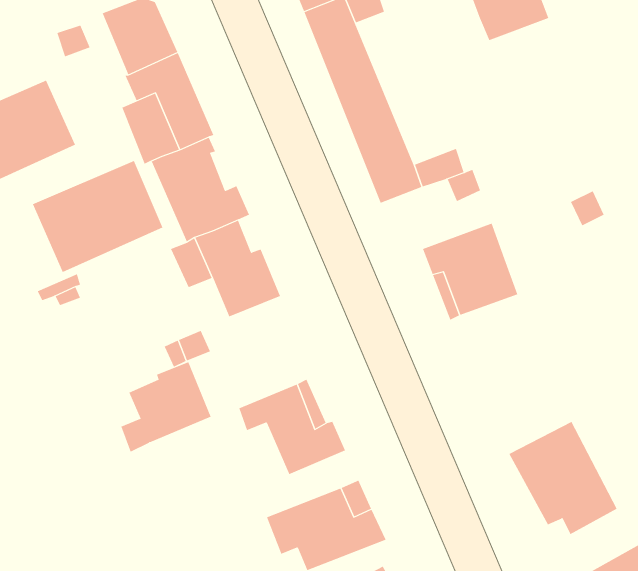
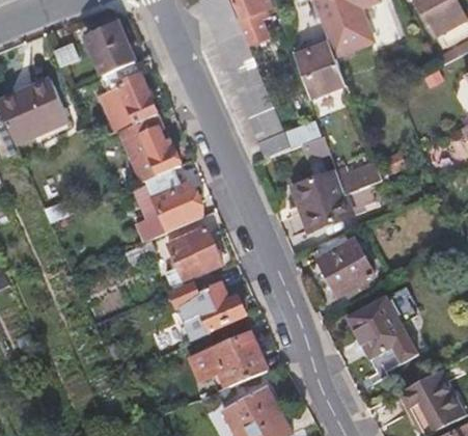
building: none -> [292,39,345,98]
building: [32,160,163,273] -> none
building: none -> [334,161,381,193]
building: none -> [314,235,376,297]
building: [120,361,211,452] -> [163,228,221,287]

